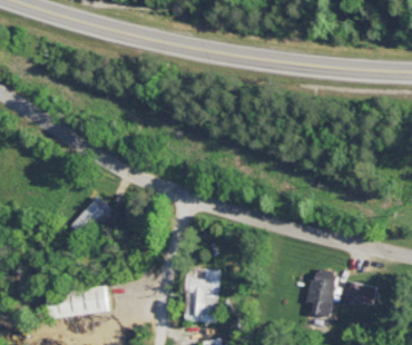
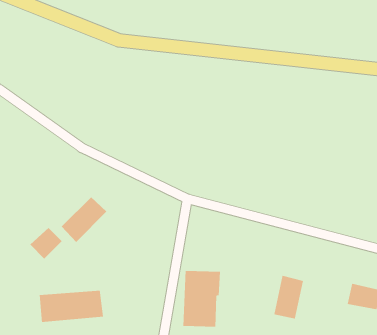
building: none -> [29,227,63,259]
building: [308,275,337,317] -> [274,275,304,319]

